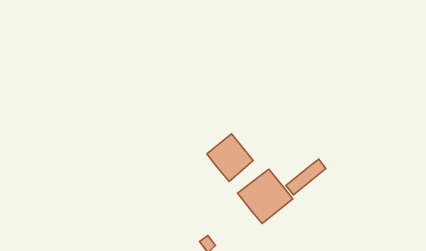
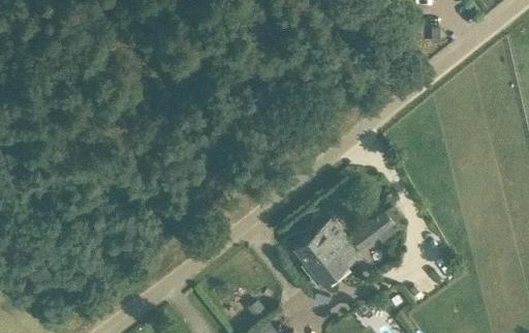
building: [207,134,253,181] -> none

